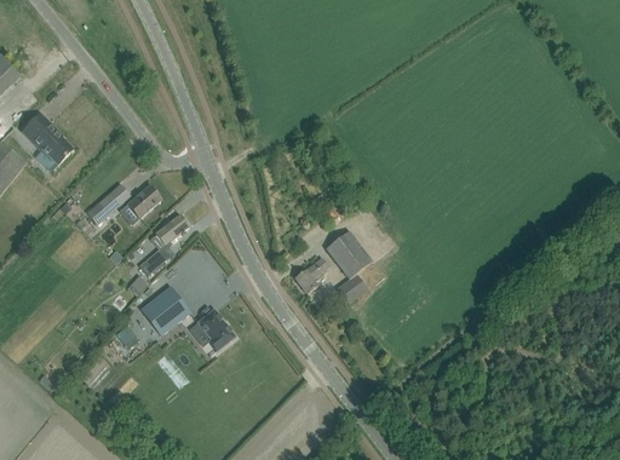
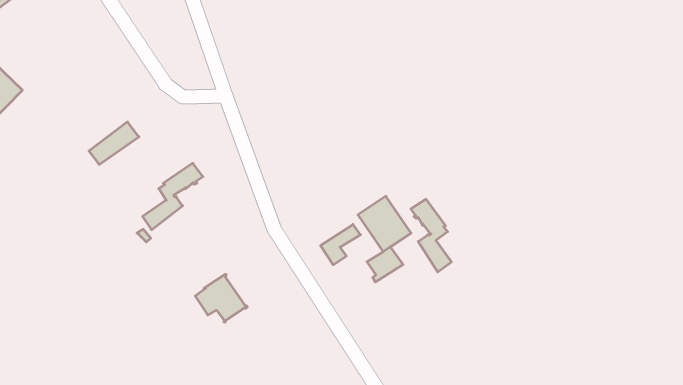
building: [22,113,73,171] -> none
building: [120,184,160,223] -> none
building: none -> [411,199,451,272]
building: [139,286,190,334] -> none

